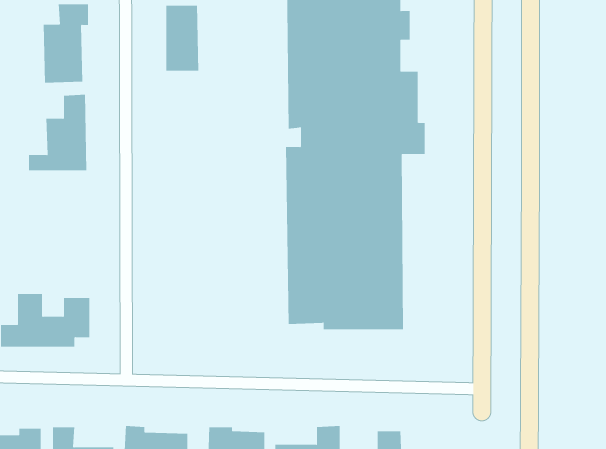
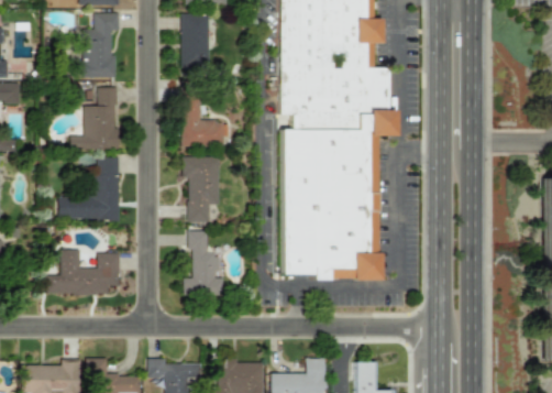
building: none -> [180,92,228,146]
building: none -> [58,157,119,219]
building: none -> [183,157,220,222]
building: none -> [183,231,223,295]

